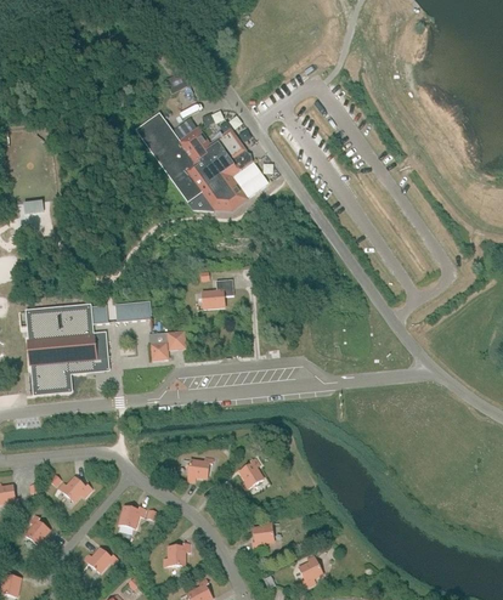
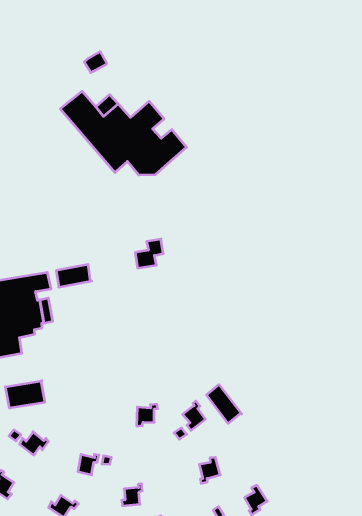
building: [151,332,186,360] -> none
building: none -> [5,381,45,408]
building: none -> [207,385,242,423]

